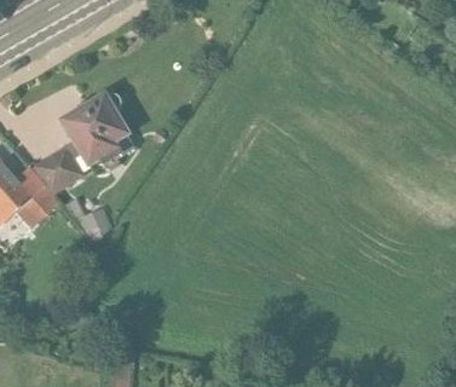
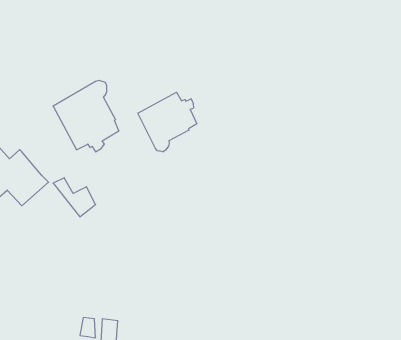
building: none -> [138,92,197,152]
building: [30,145,86,195] -> none

